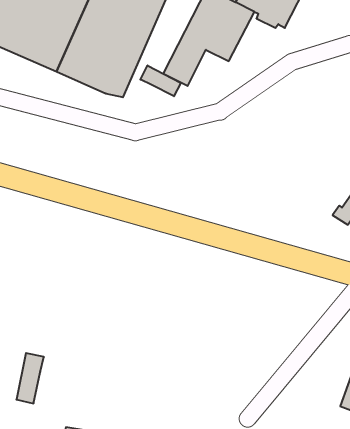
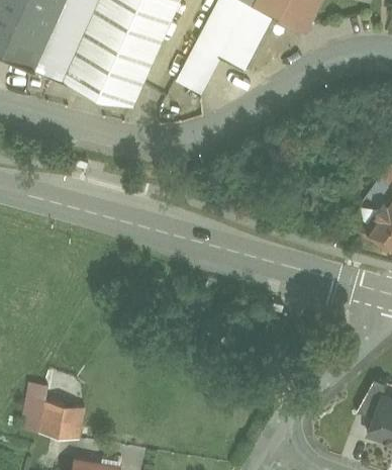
building: [140,65,181,96] -> none
building: none -> [38,397,75,438]

